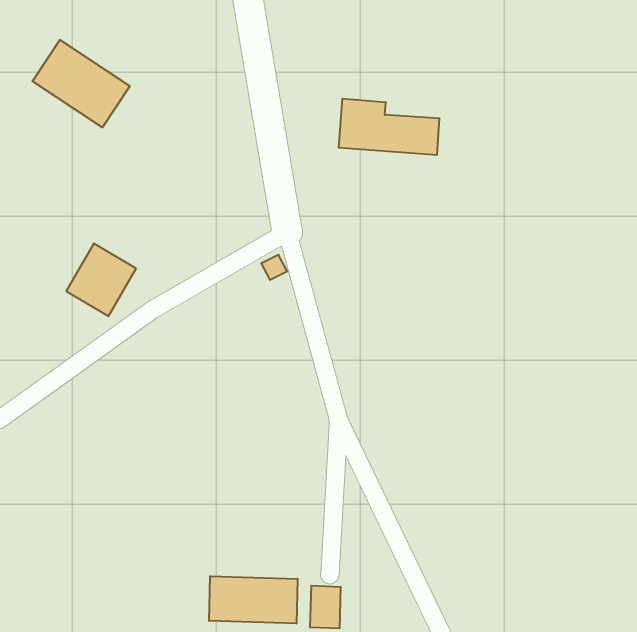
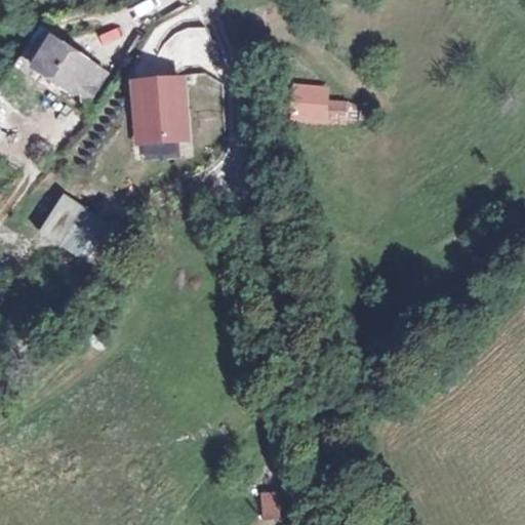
building: none -> [128,74,190,144]
building: [209,576,298,624] -> none

